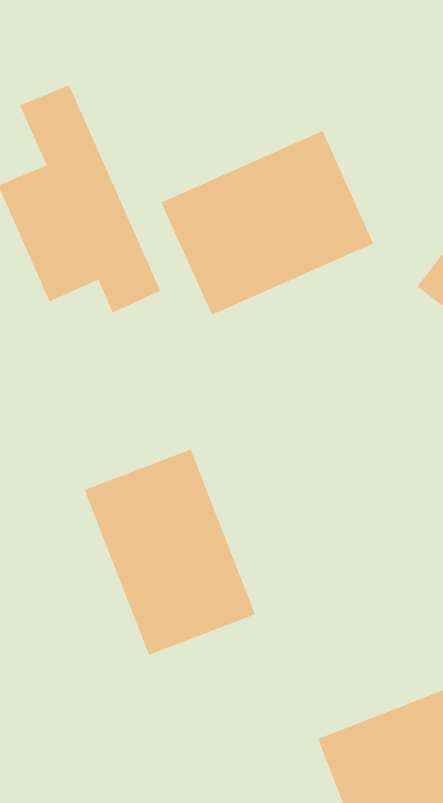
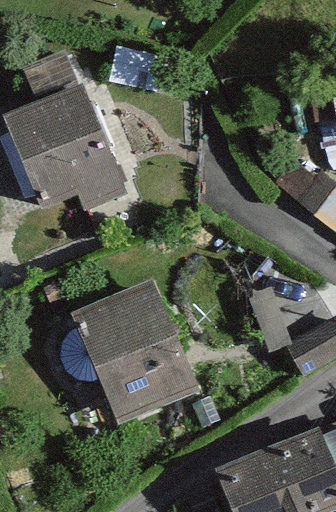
building: [161,130,374,316] -> none

